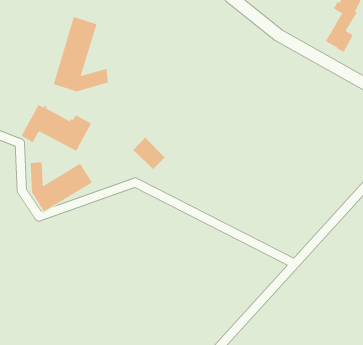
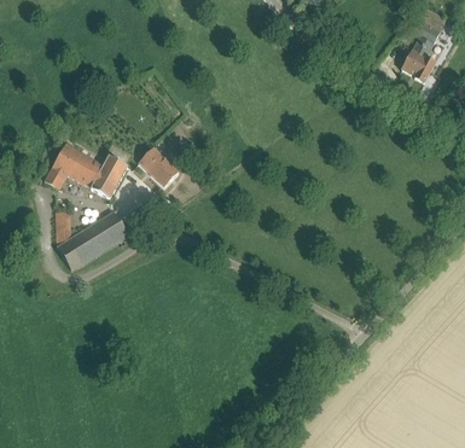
building: [53,16,108,92] -> none
building: [133,137,166,170] -> [140,146,179,185]

